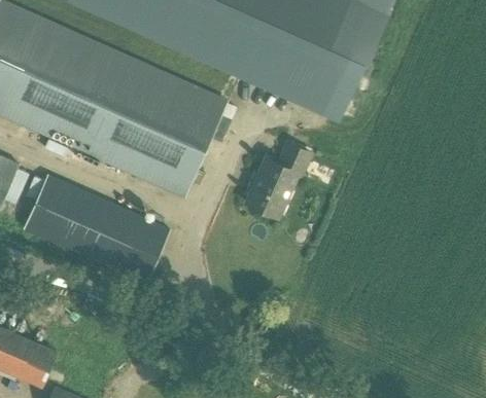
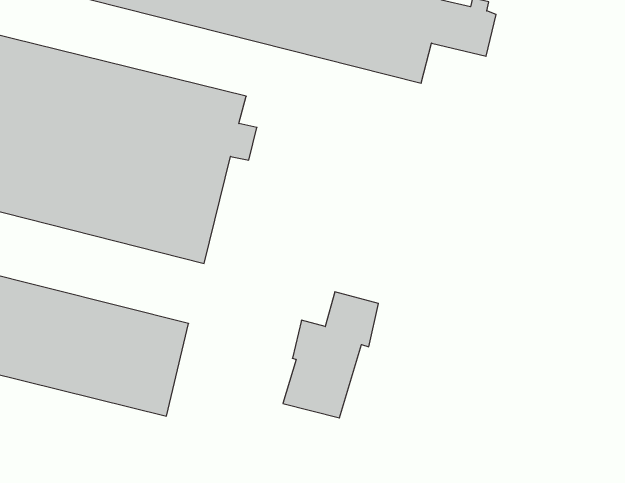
building: [246,141,313,216] -> [283,292,378,418]

